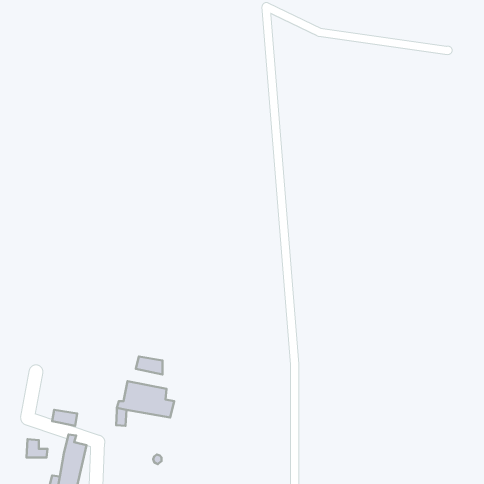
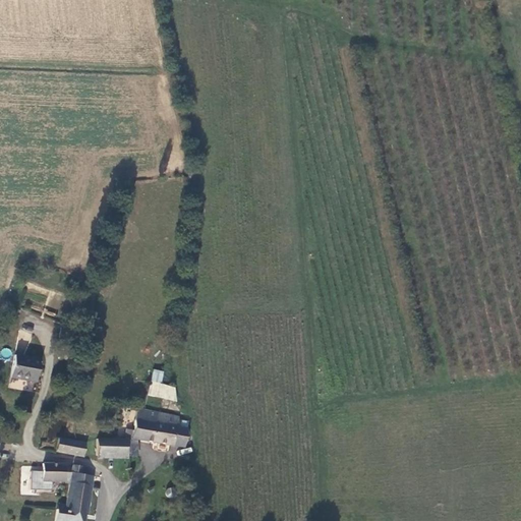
building: none -> [10,357,41,384]
building: none -> [98,442,127,457]
building: none -> [44,466,69,483]

